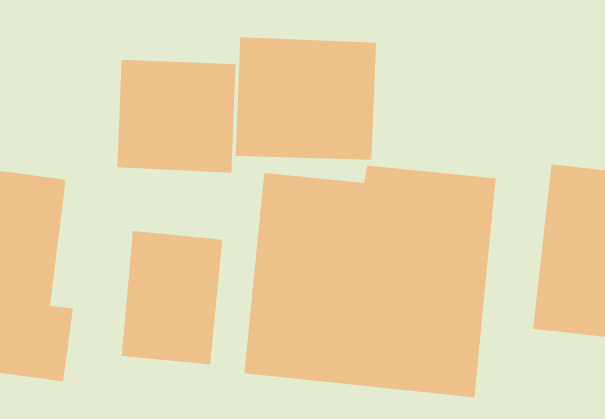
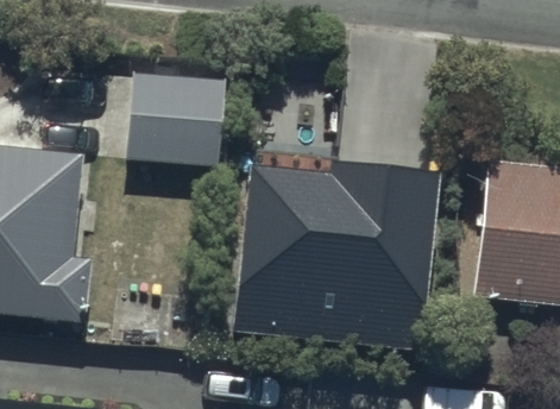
building: [235,37,377,160] -> none
building: [121,230,223,365] -> none

